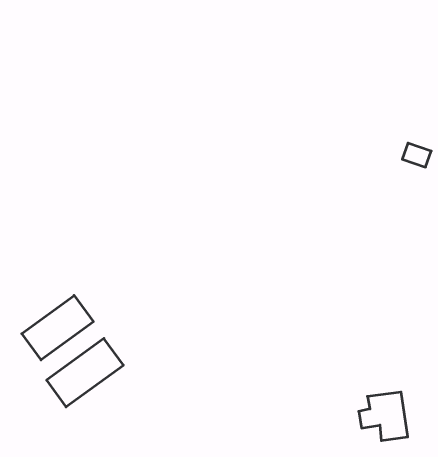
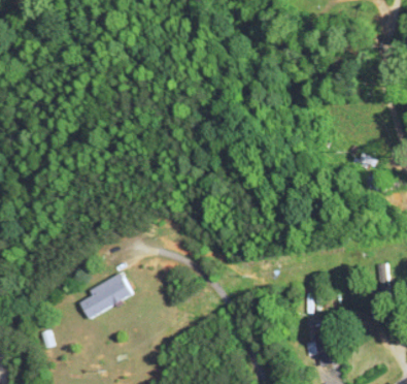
building: [22,295,93,360] -> none

